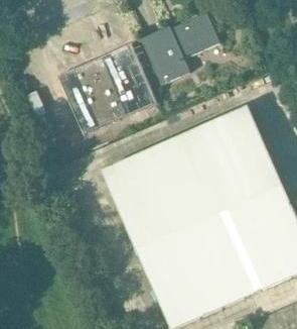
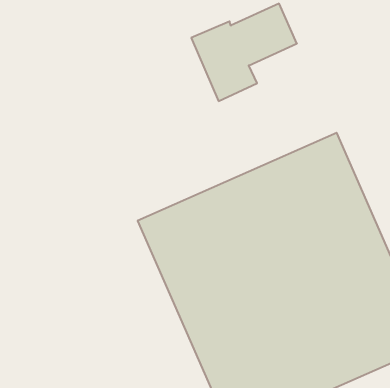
building: [58,42,158,133] -> none

